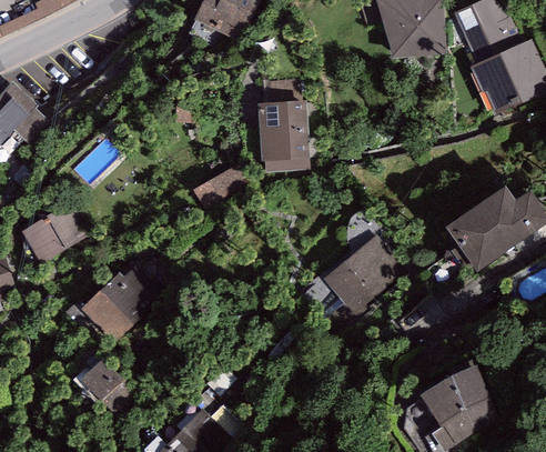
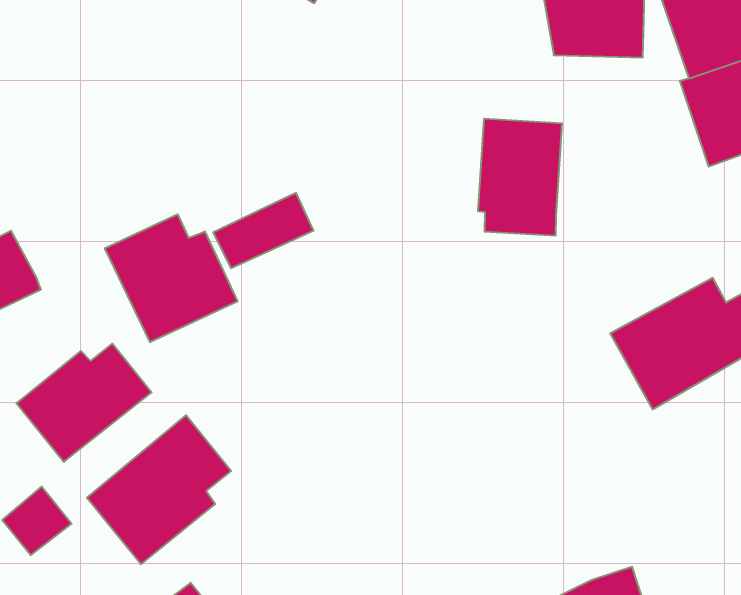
building: [257,100,310,172] -> [478,119,562,236]
building: none -> [105,214,237,342]
building: [322,235,402,313] -> none
building: none -> [87,415,231,564]

